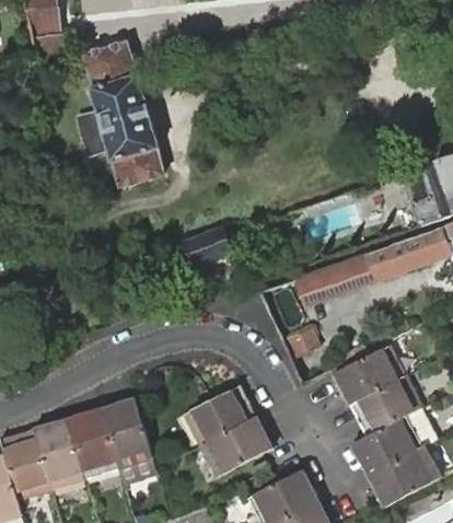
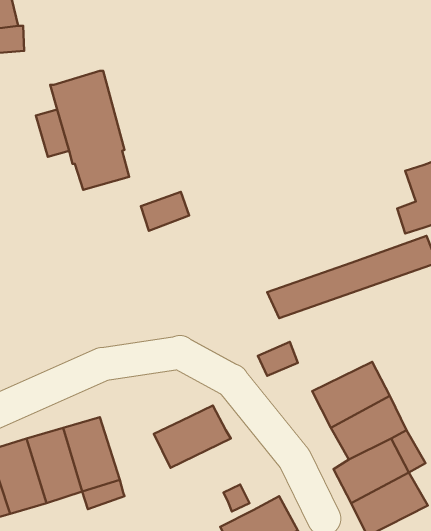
building: [83,43,136,89] -> none
building: [185,231,230,267] -> [141,192,189,231]
building: [201,417,272,476] -> none

